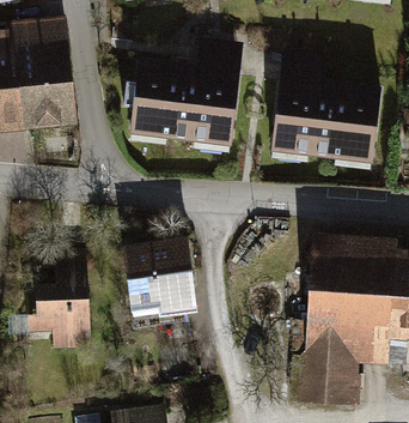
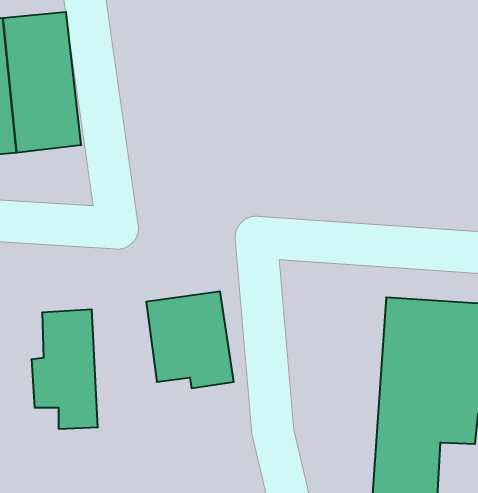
building: [130,38,240,145] -> none
building: [271,50,379,162] -> none

